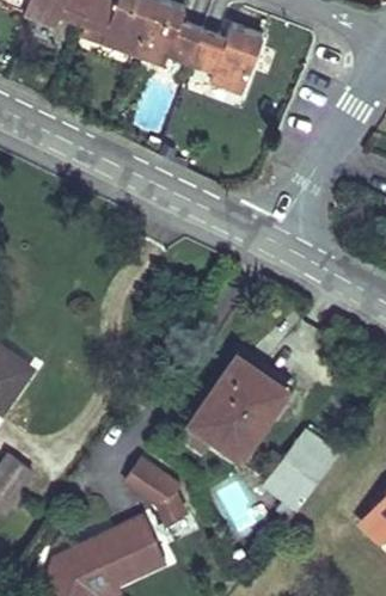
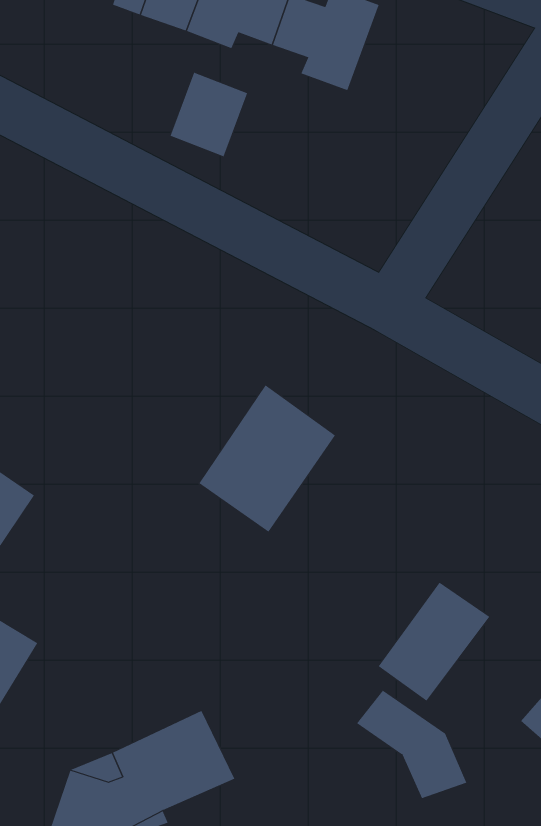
building: none -> [170,72,248,157]
building: [192,354,286,454] -> [198,385,336,532]
building: [124,459,200,533] -> [356,690,467,799]

